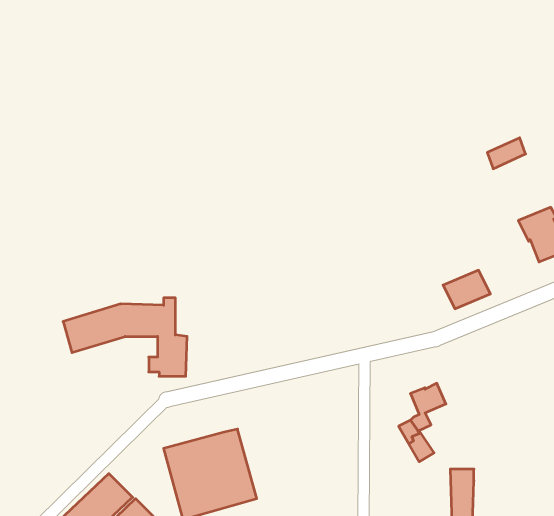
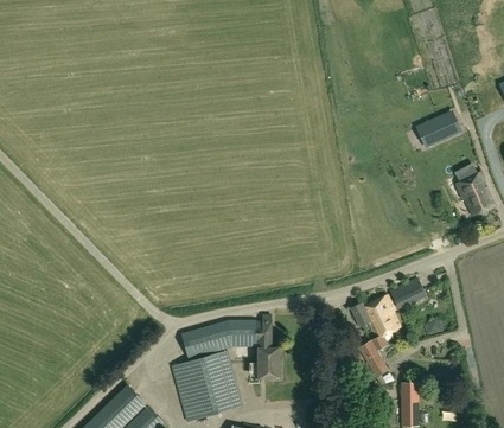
building: [443,270,490,309] -> [389,277,427,308]
building: [63,298,187,376] -> [181,315,281,378]
building: none -> [351,298,391,326]

